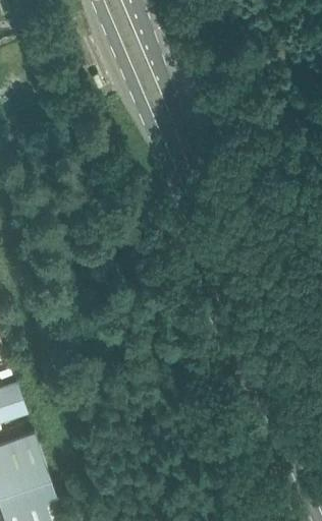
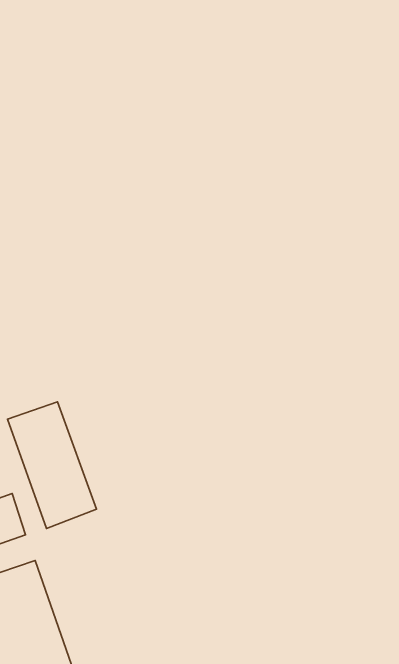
building: none -> [8,402,97,528]

